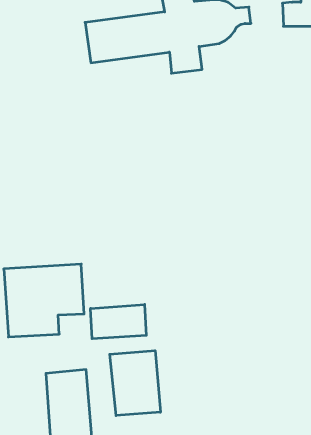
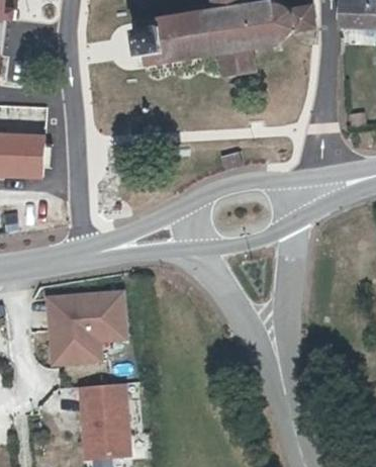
building: [91,304,146,339] -> none
building: [110,351,160,416] -> none

